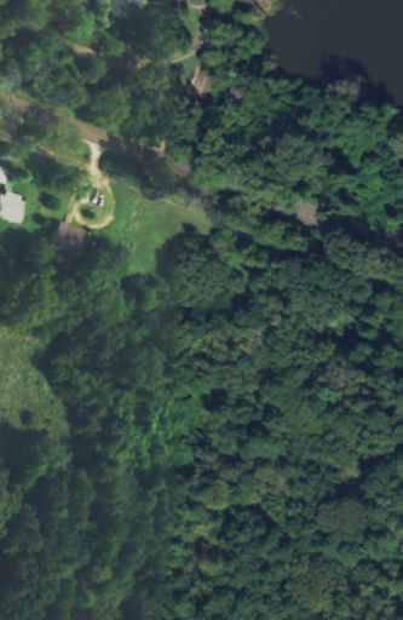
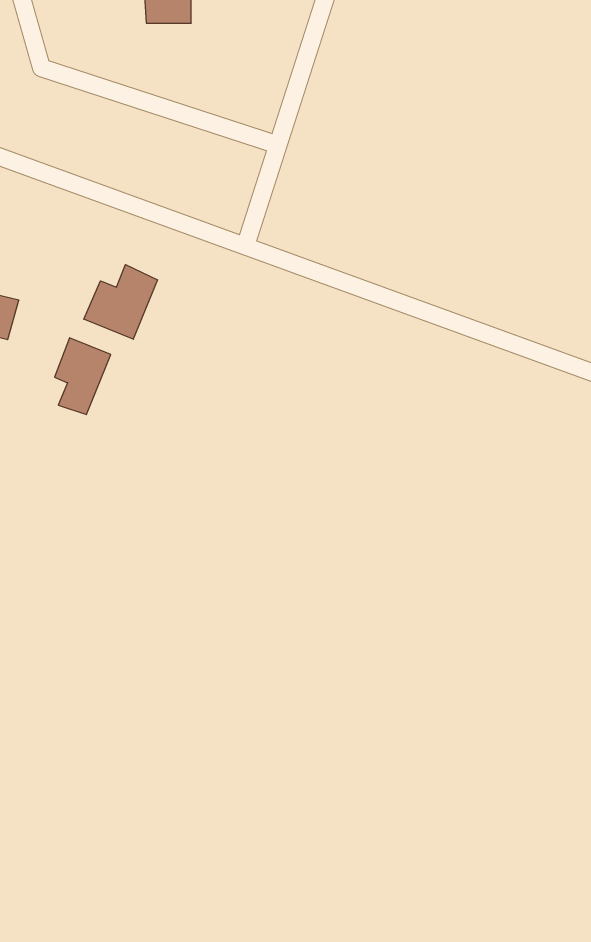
building: none -> [84,265,157,339]

